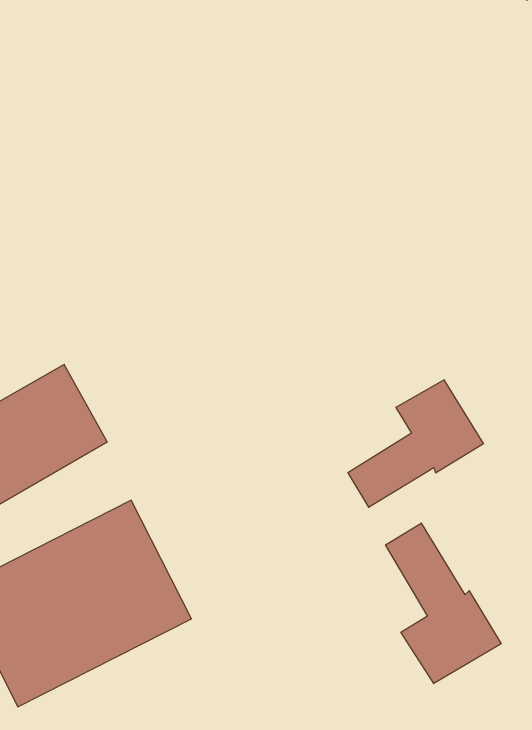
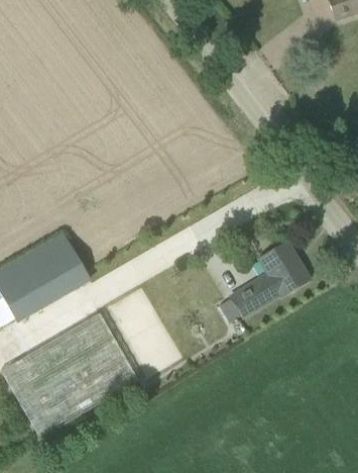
building: [386,523,501,684] -> none

